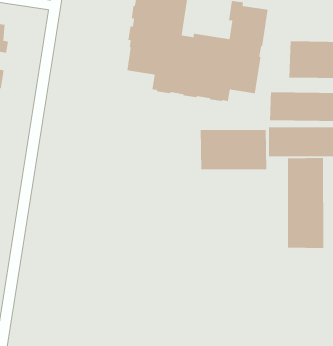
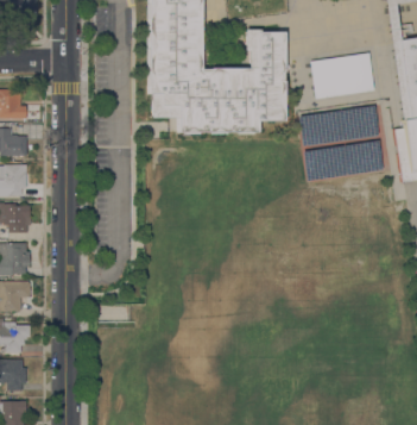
building: [200,129,267,170] -> none
building: [287,157,324,249] -> none

